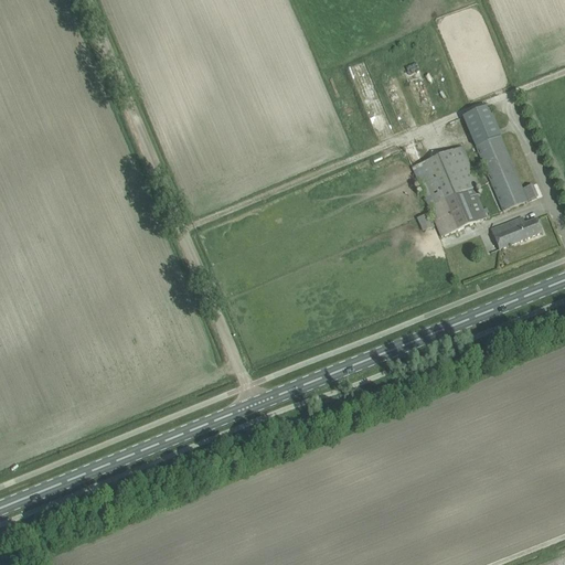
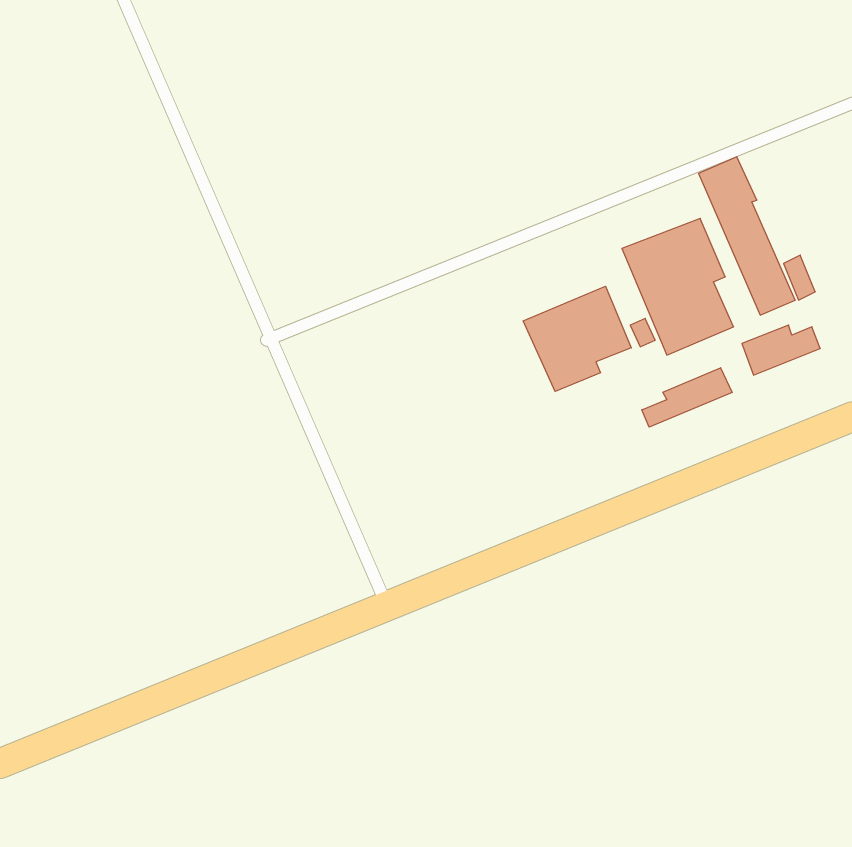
building: none -> [523,286,631,391]
building: none -> [642,368,732,427]

